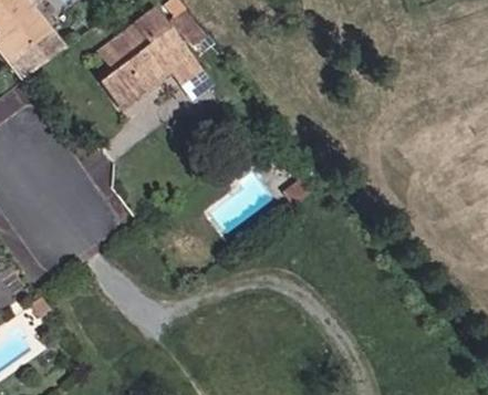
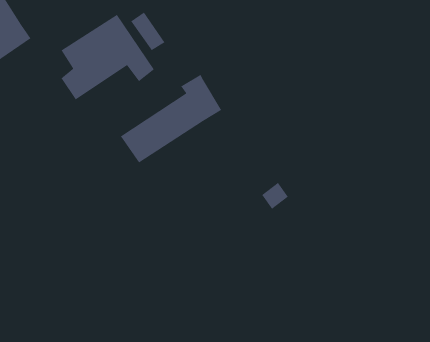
building: none -> [120,74,222,163]

